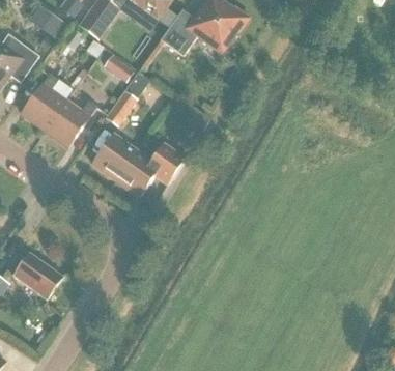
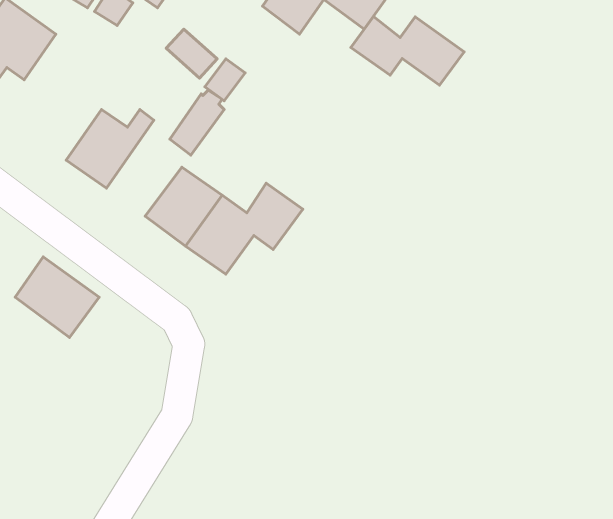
building: none -> [351,16,464,85]
building: [21,73,65,130] -> none
building: [13,252,63,299] -> [15,257,99,337]

